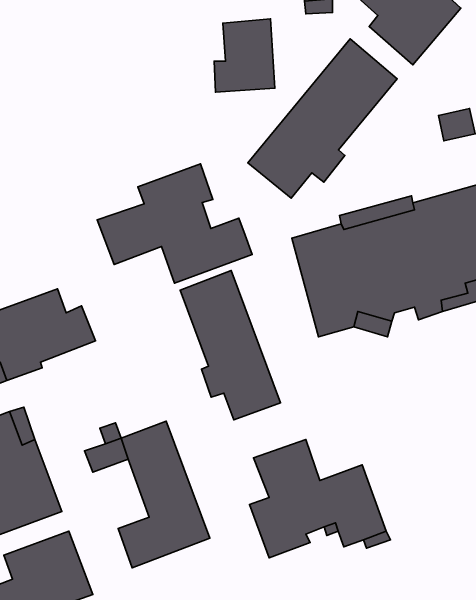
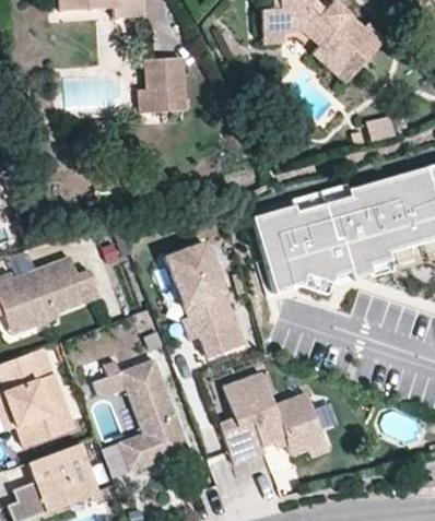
building: [214,19,275,92] -> [139,56,186,113]
building: [248,39,397,198] -> none
building: [97,164,252,283] -> none

